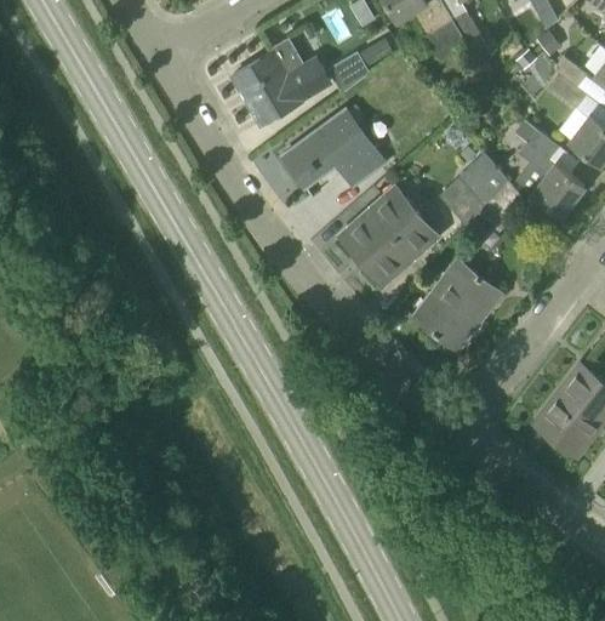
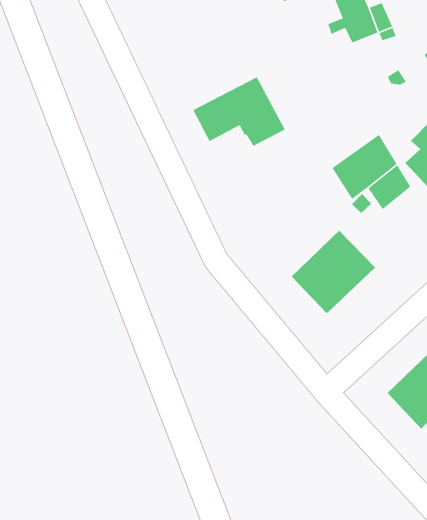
building: [232,51,330,124] -> none
building: [330,53,366,91] -> none
building: [341,187,436,283] -> none

